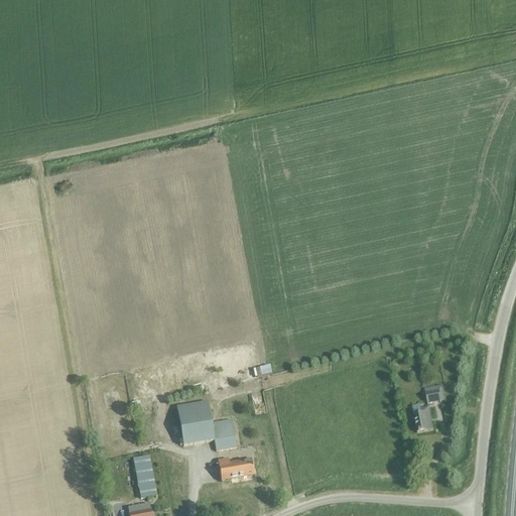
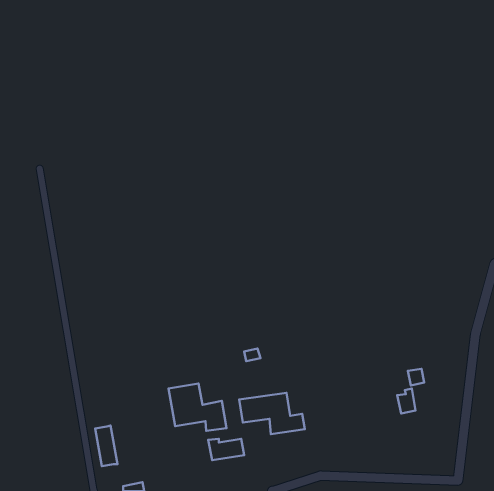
building: none -> [239,393,305,434]
building: [133,454,156,496] -> [95,425,117,466]

